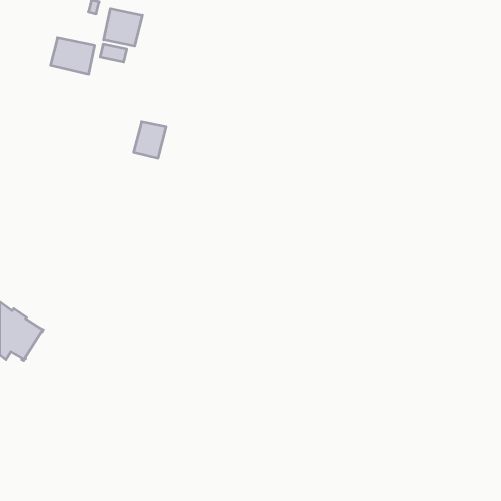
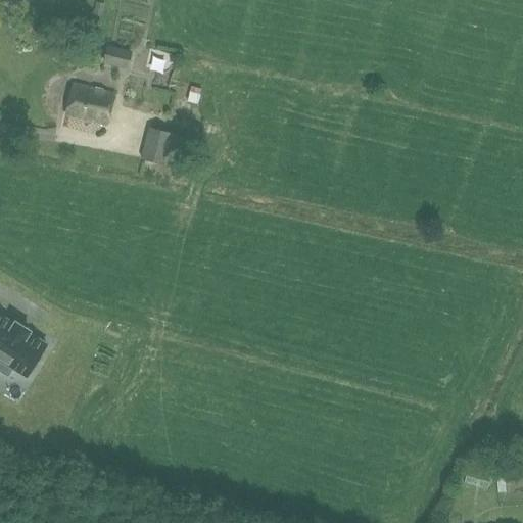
building: [104,9,142,46] -> none
building: [51,38,95,74] -> [65,85,111,123]

